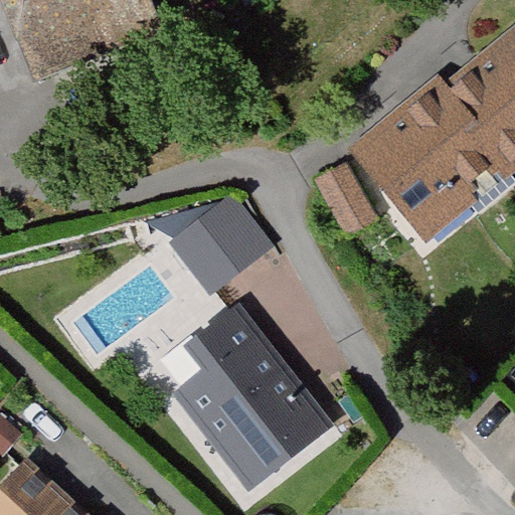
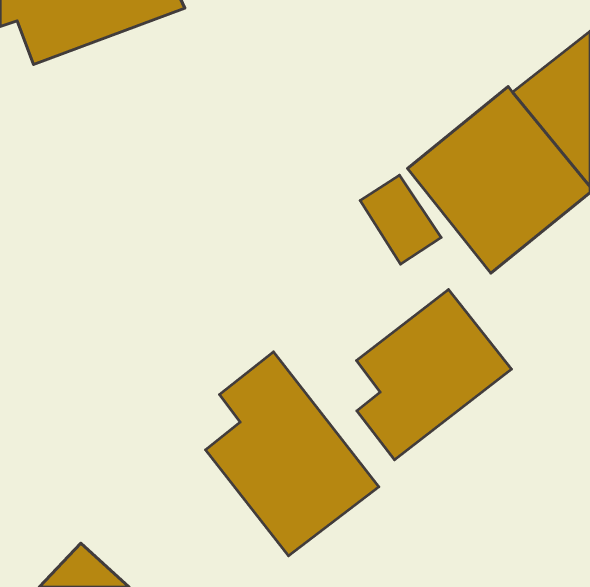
building: [175,196,271,290] -> none
building: none -> [356,289,511,460]

